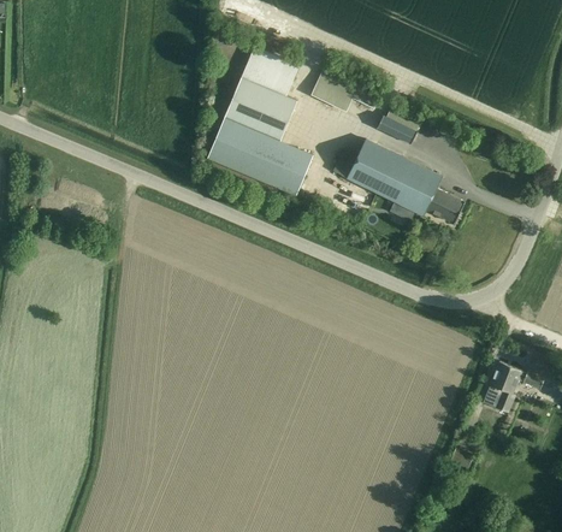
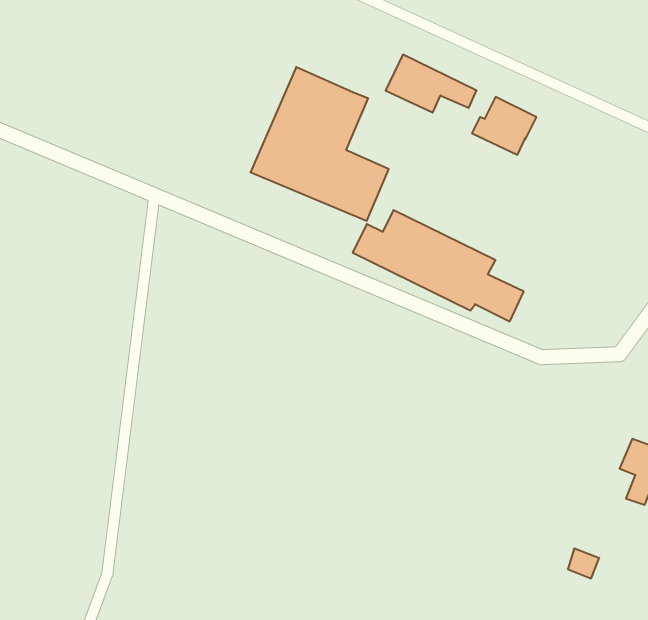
building: [241,47,297,96] -> none
building: [332,138,463,224] -> [353,210,524,321]

